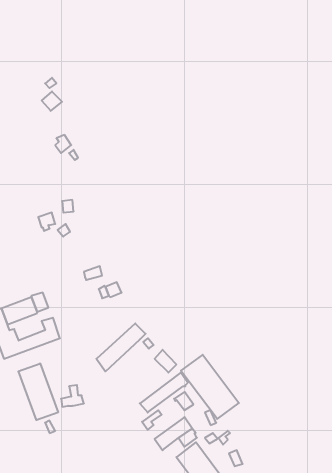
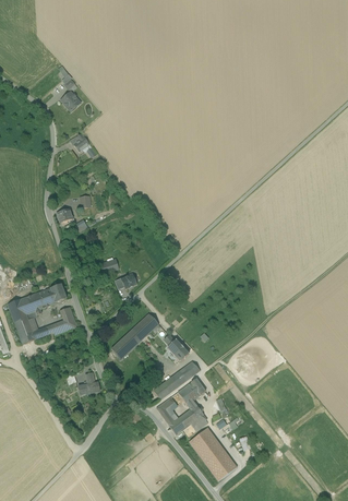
building: [181,355,239,419] -> none
building: [18,363,58,420] -> none

